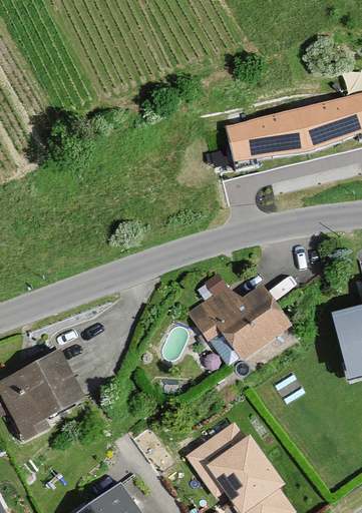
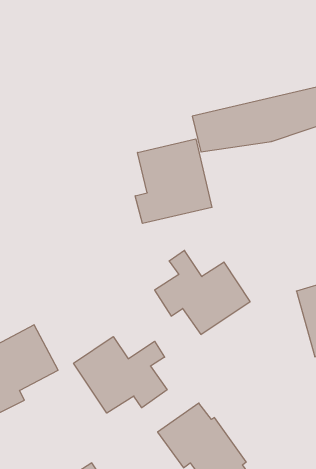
building: none -> [135,139,212,223]
building: none -> [74,337,167,413]

